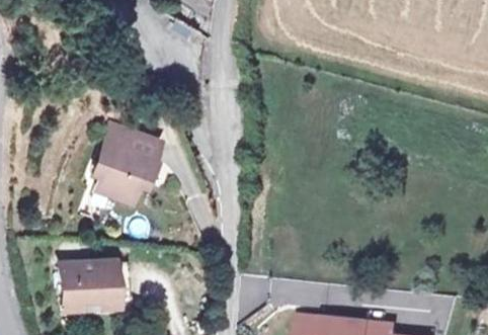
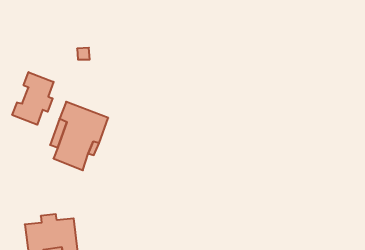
building: none -> [12,72,54,125]

